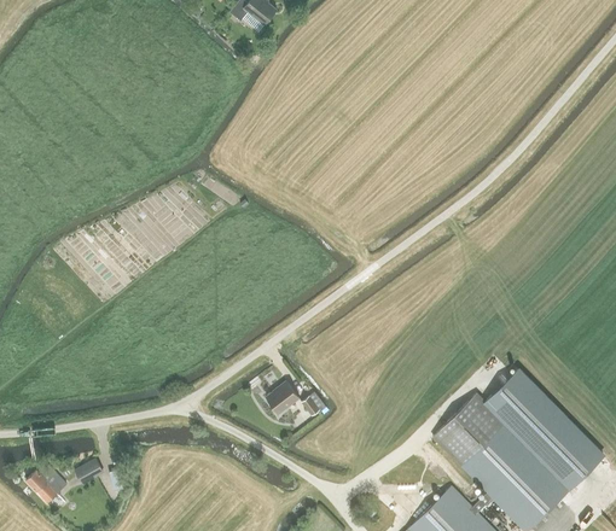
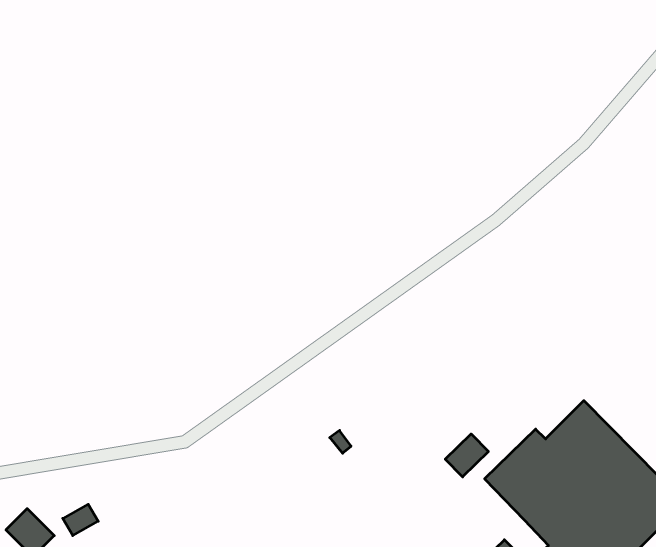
building: [267,381,300,413] -> none
building: none -> [445,434,488,477]

